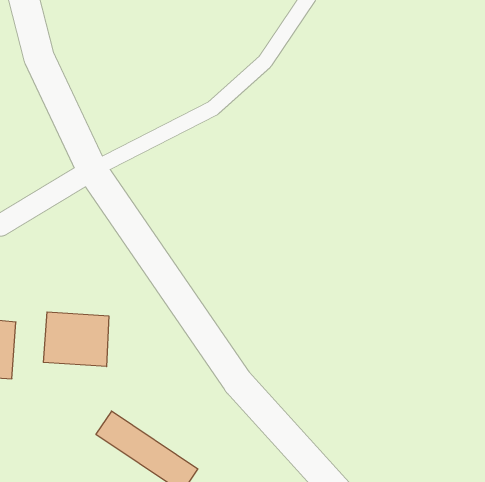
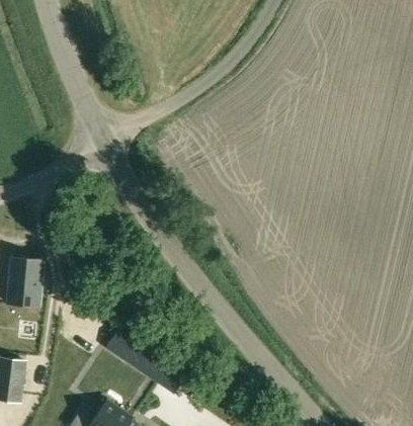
building: [43,312,109,367] -> none

